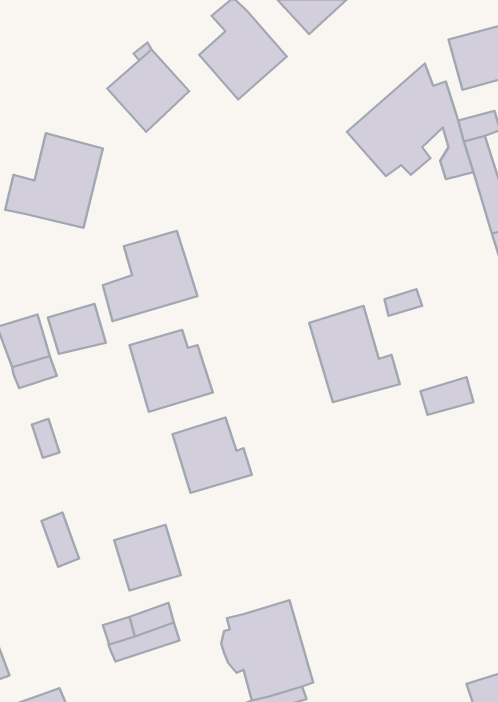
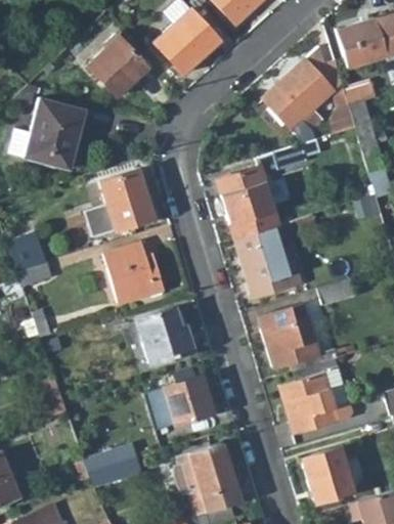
building: none -> [219,138,322,237]
building: [48,304,106,354] -> none
building: none -> [261,303,322,366]
building: none -> [281,372,340,433]
building: [114,525,181,590] -> [164,375,213,423]
building: none -> [303,447,351,503]

